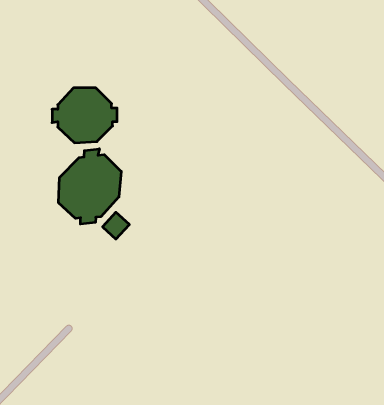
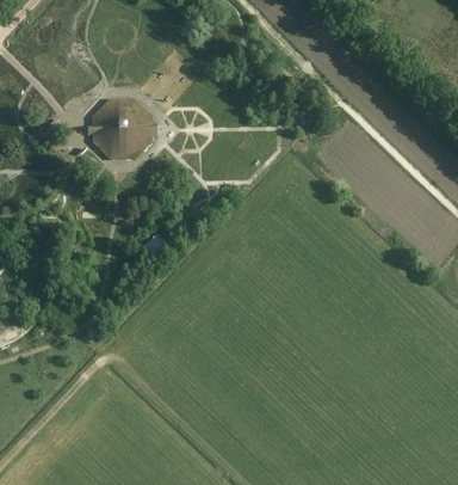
building: [59,149,121,224] -> none

